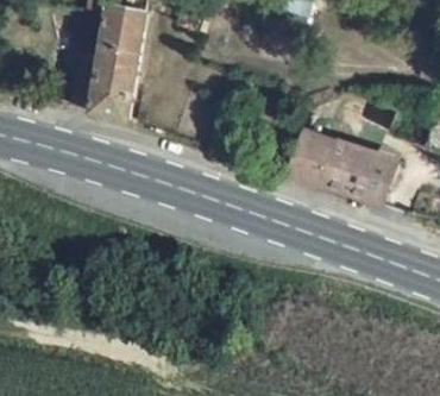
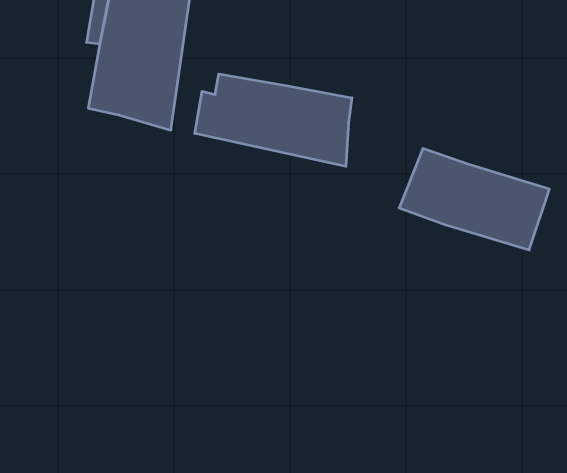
building: none -> [195,74,352,166]

